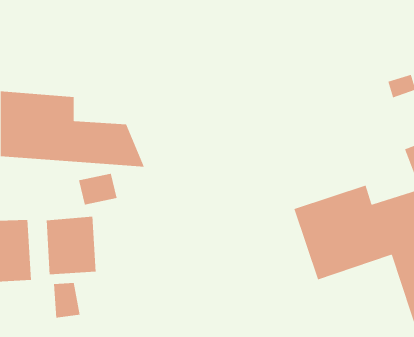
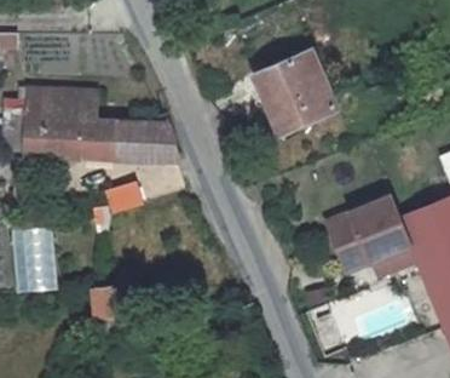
building: none -> [241,46,319,122]
building: [46,216,96,275] -> none

